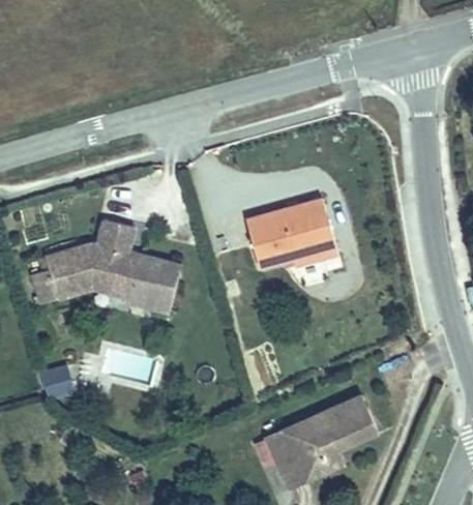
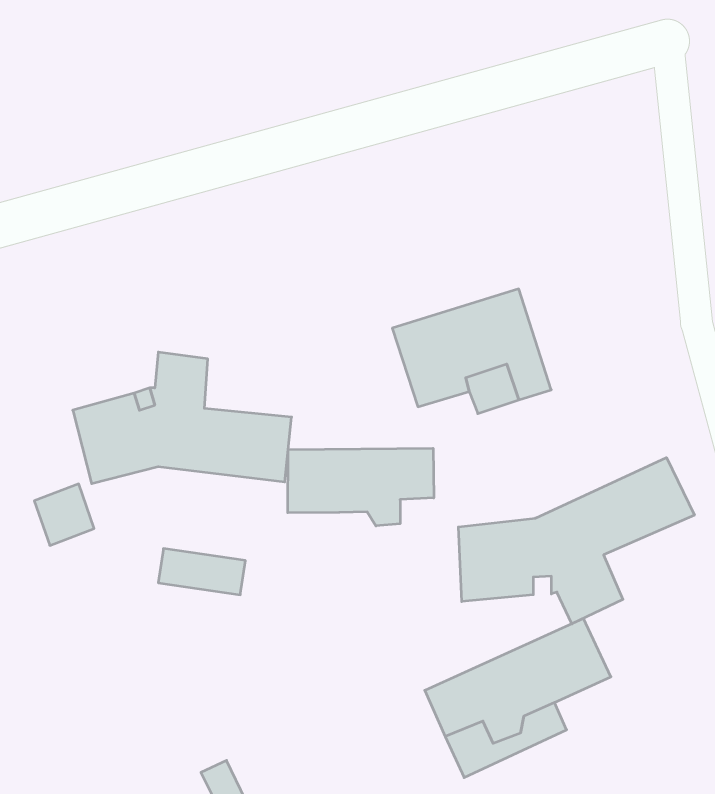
building: none -> [288,448,434,526]
building: none -> [458,458,694,624]
building: [36,361,72,398] -> [34,484,94,545]

